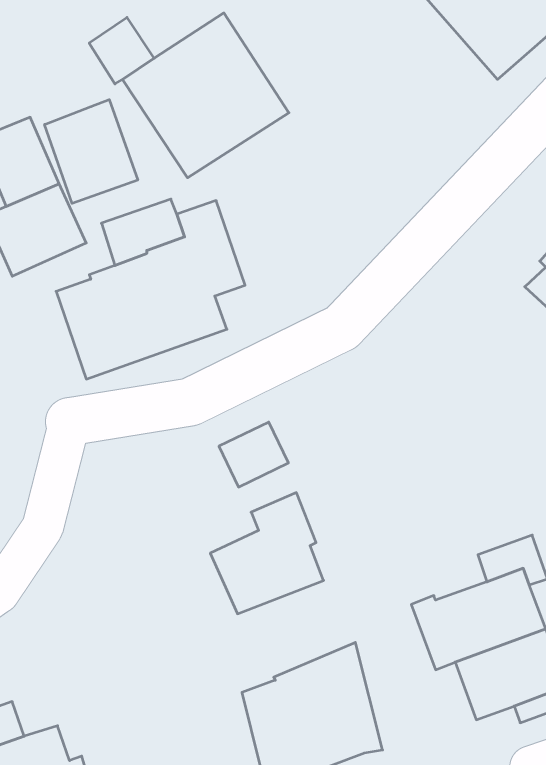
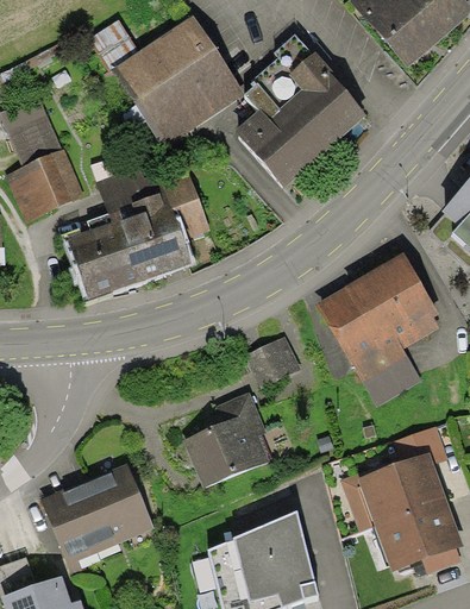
building: none -> [234,33,368,187]
building: [45,100,138,203] -> none
building: none -> [315,252,439,407]
building: [219,422,288,487] -> [245,337,300,388]
building: none -> [40,463,153,565]

